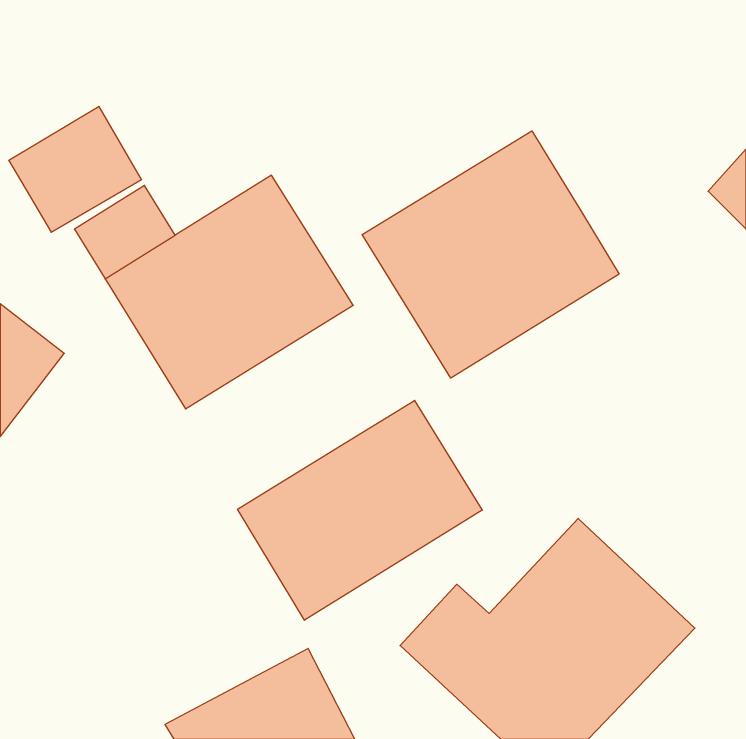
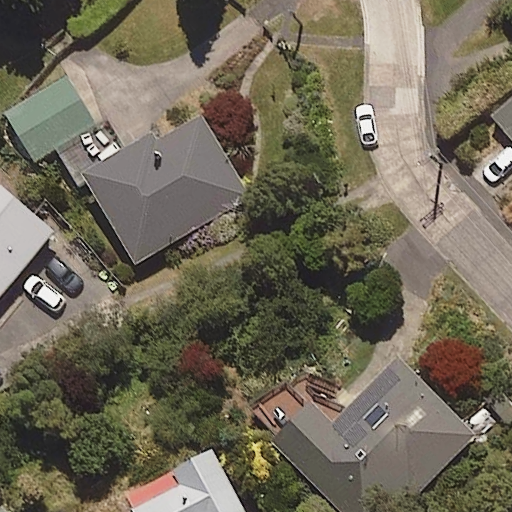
building: [362,131,619,378] -> none
building: [238,400,482,620] -> none

